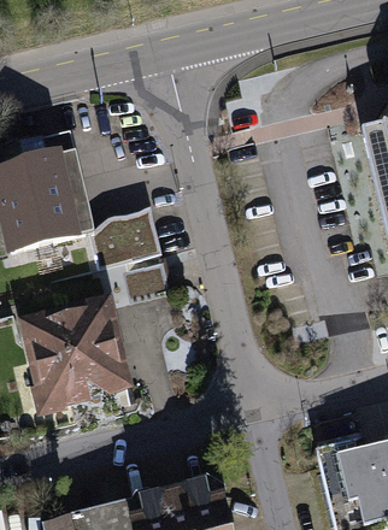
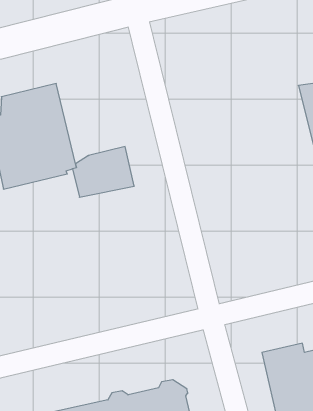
building: [123,255,169,293] -> none
building: [19,295,131,410] -> none

